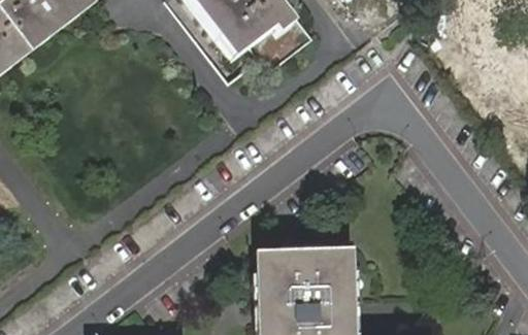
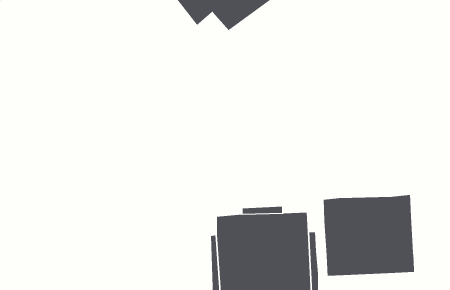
building: none -> [323,194,414,277]

